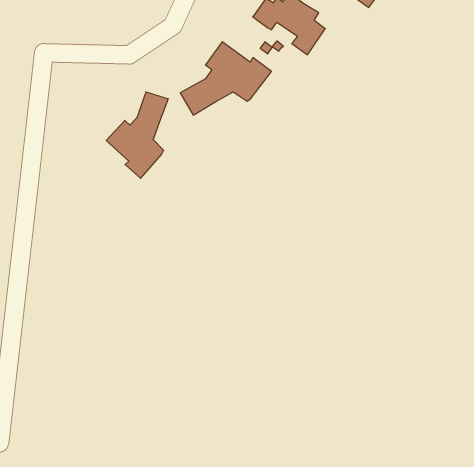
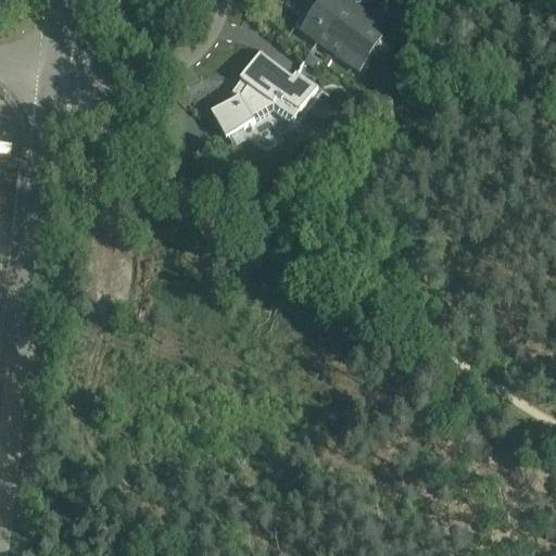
building: [106,92,168,178] -> none

